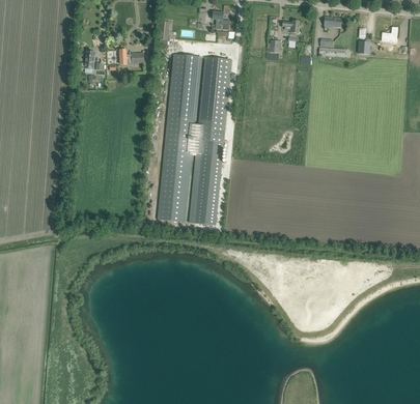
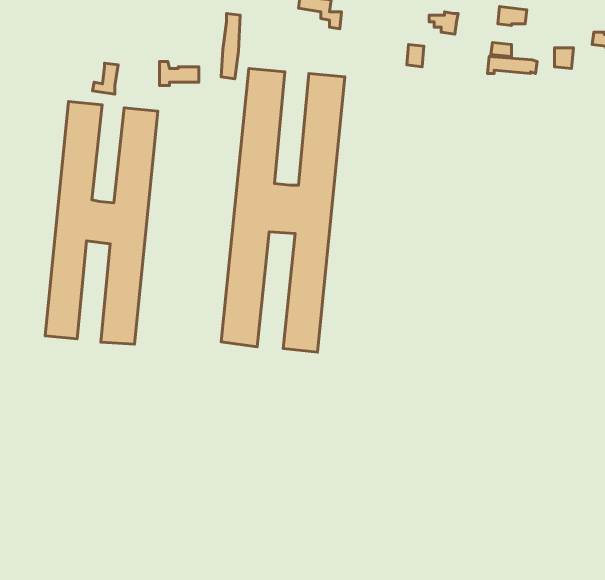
building: none -> [45,101,158,344]

